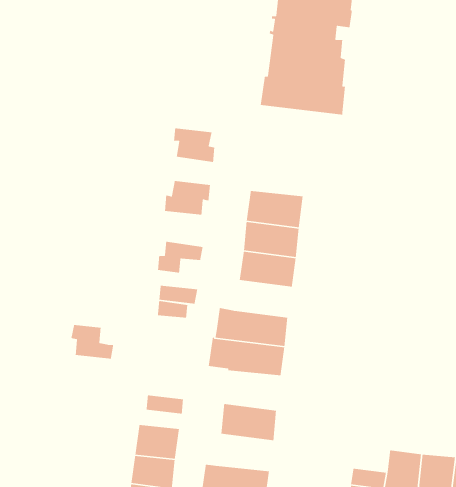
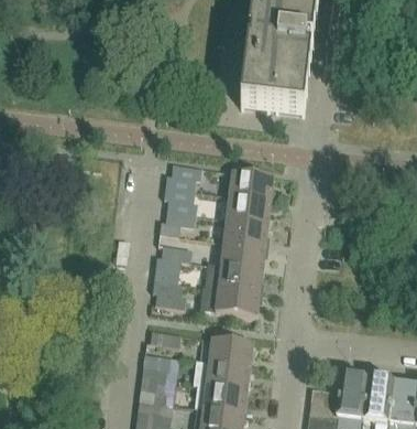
building: [173,128,215,163] -> [164,187,197,215]
building: none -> [220,242,265,270]
building: [71,324,114,360] -> [152,280,186,308]
building: none -> [193,361,251,390]

